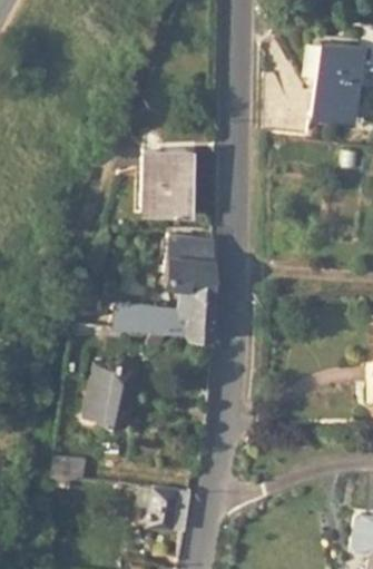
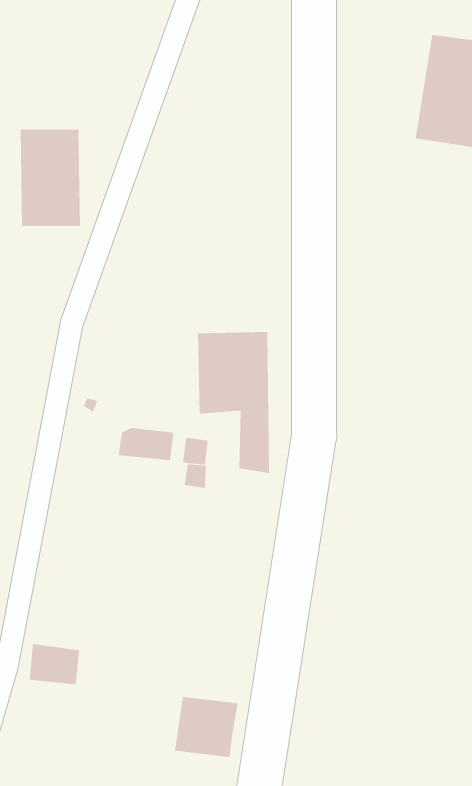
building: [145,149,186,215] -> [20,129,81,227]
building: [85,361,139,430] -> none

